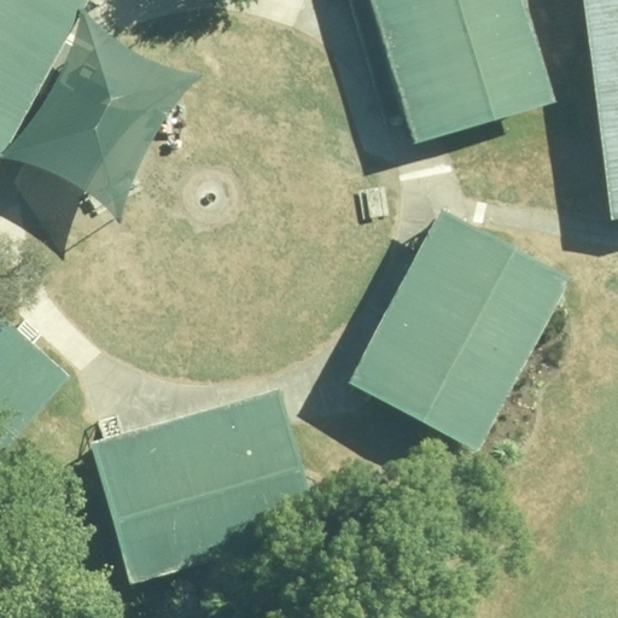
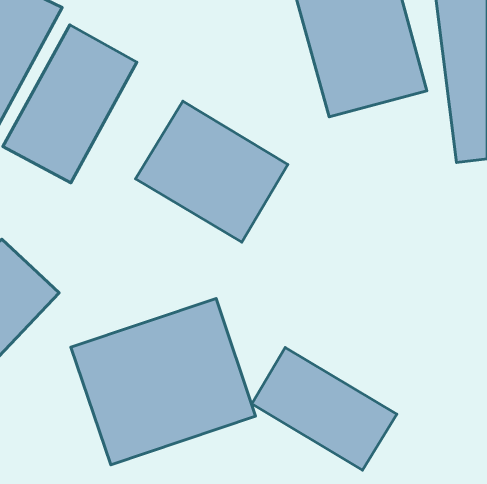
building: none -> [136,101,288,242]
building: [349,205,581,447] -> none
building: none -> [252,348,397,470]

